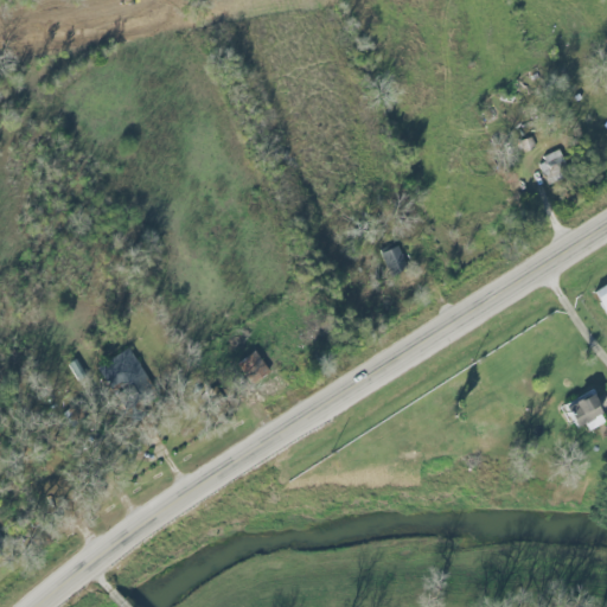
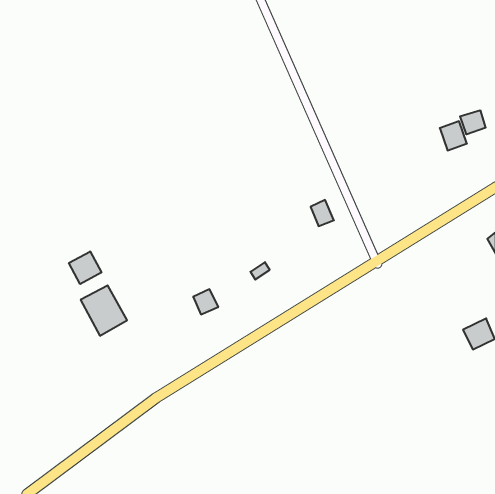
building: none -> [460,110,486,134]
building: none -> [69,251,101,284]

